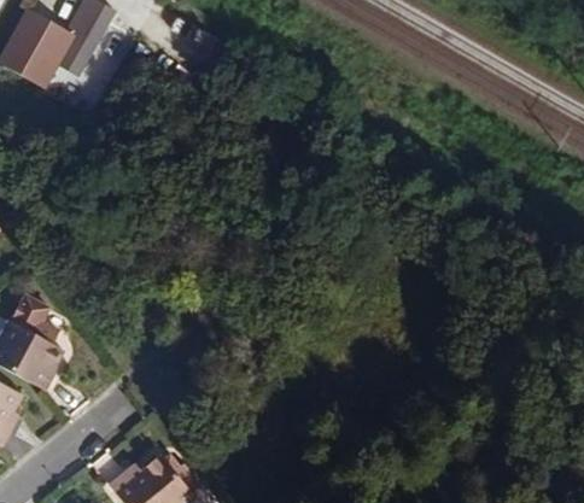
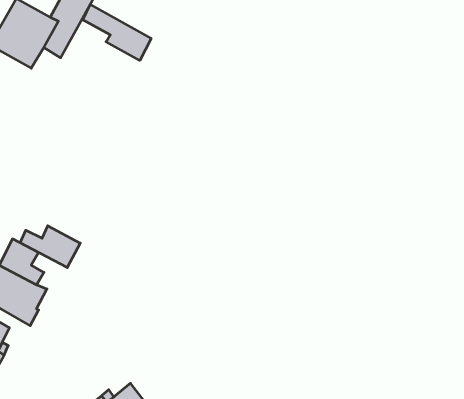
building: none -> [83,5,151,60]
building: none -> [20,226,80,268]

